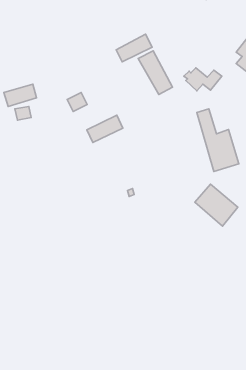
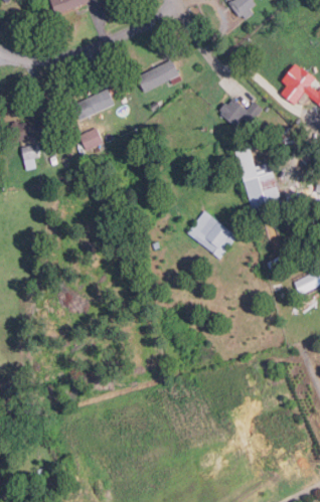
building: [138,51,172,95] -> none
building: [87,115,123,143] -> [74,89,117,121]
building: [195,184,238,226] -> [186,210,236,260]

